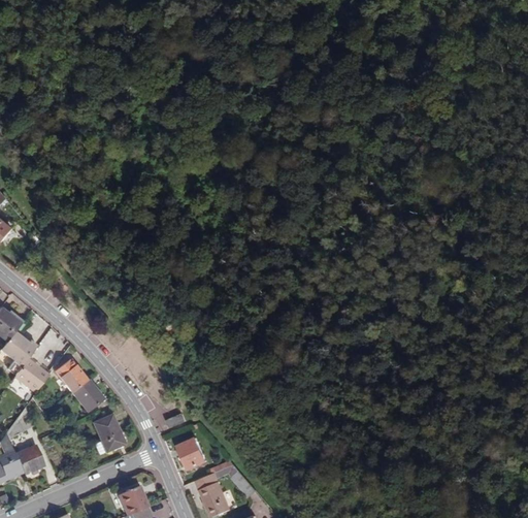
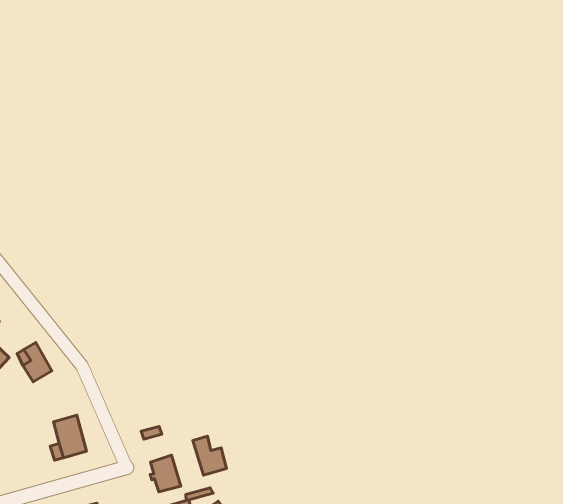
building: [71,378,103,411] -> none
building: none -> [193,436,227,475]

